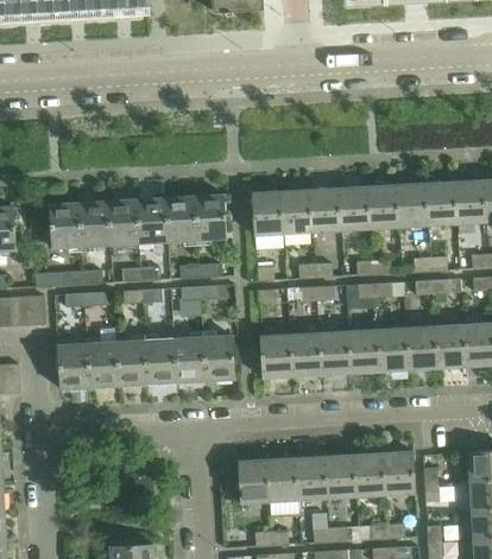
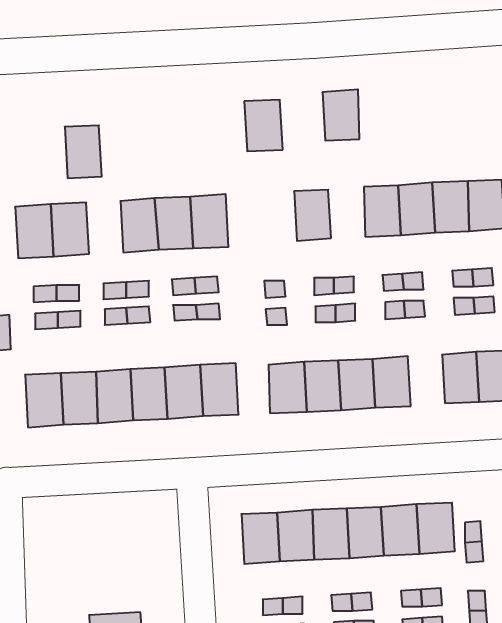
building: [310,188,341,230] -> [322,89,359,141]
building: [252,191,284,234] -> [244,100,283,151]
building: [108,199,139,243] -> [65,125,102,178]
building: [377,328,408,370] -> none

